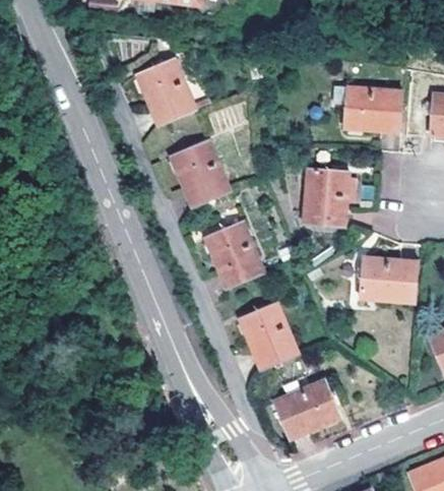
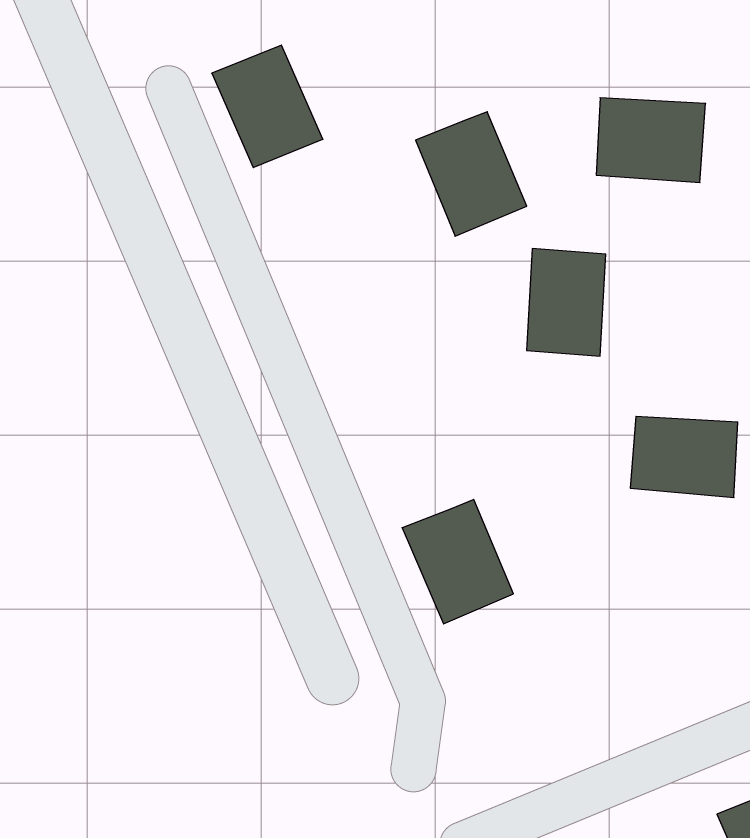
building: [170,139,230,206] -> [416,112,527,236]
building: [204,221,264,288] -> none
building: [273,379,343,440] -> none

